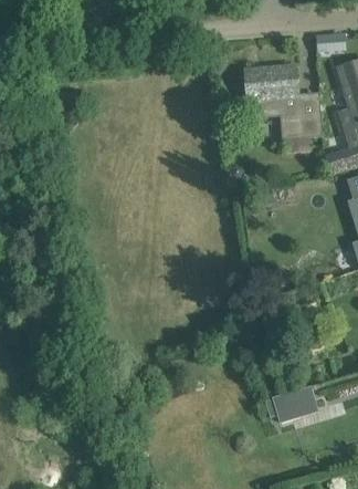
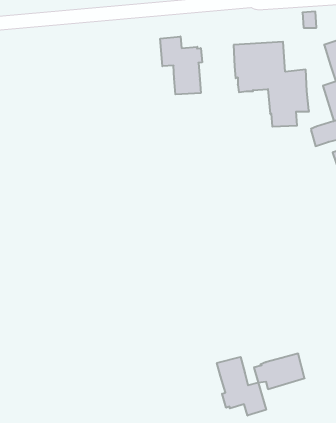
building: none -> [160,36,202,94]
building: none -> [217,357,266,416]

